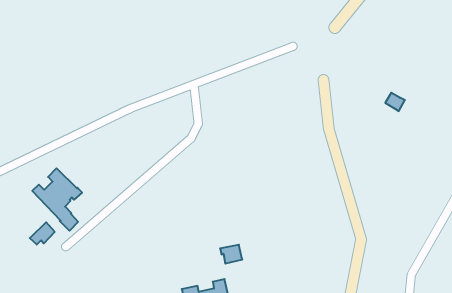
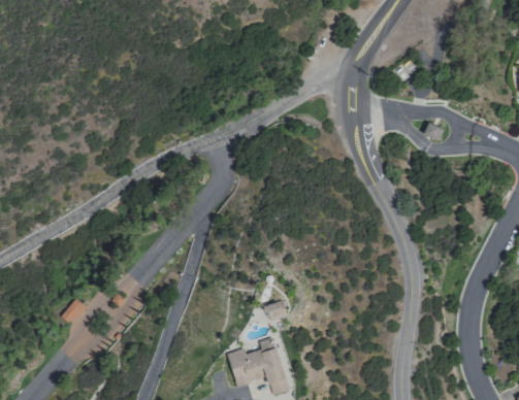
building: [32,168,82,231] -> none

